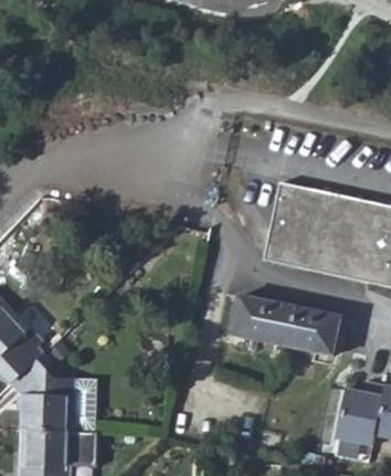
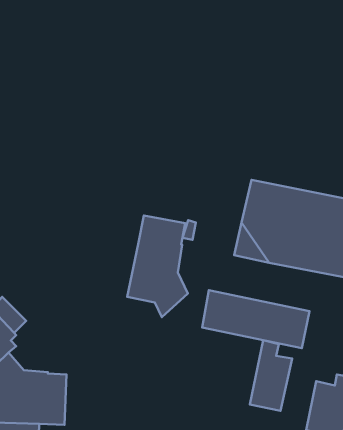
building: none -> [127,215,188,317]
building: none -> [250,340,292,411]

